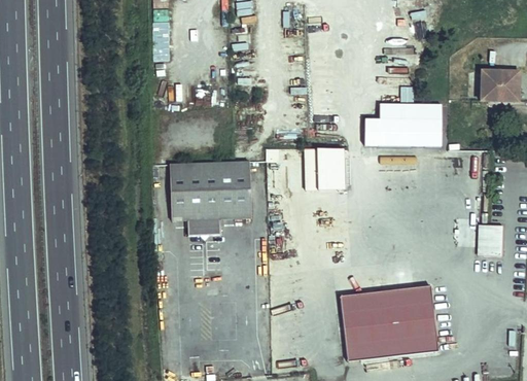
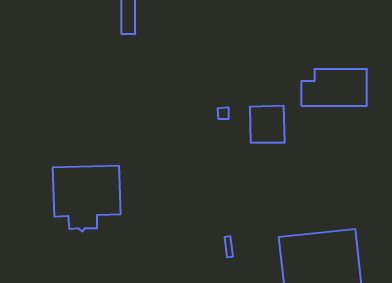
building: [171,161,251,238] -> [53,166,121,232]

